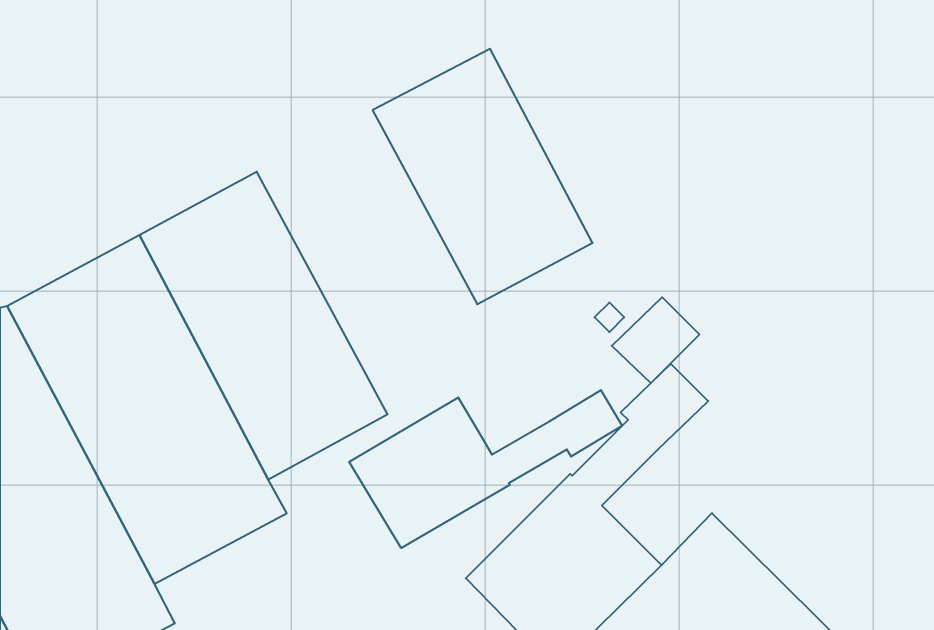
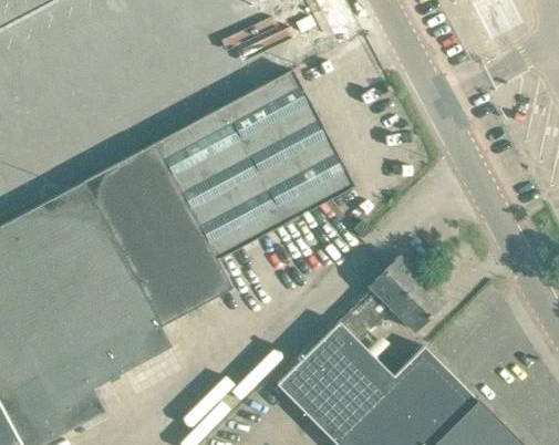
building: none -> [153,106,283,258]
building: [612,297,699,383] -> [391,279,443,330]
building: [349,390,622,548] -> none

